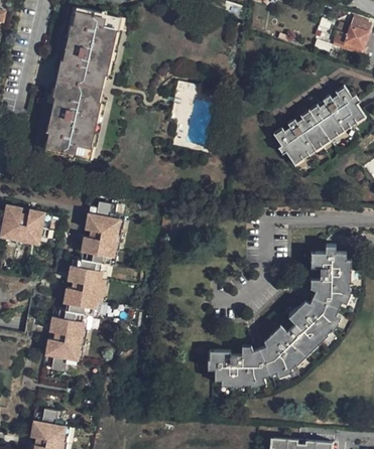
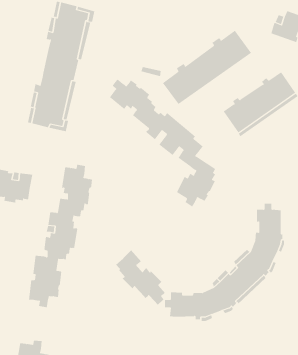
building: none -> [162,30,252,105]
building: none -> [109,78,216,207]
building: none -> [115,249,166,305]

